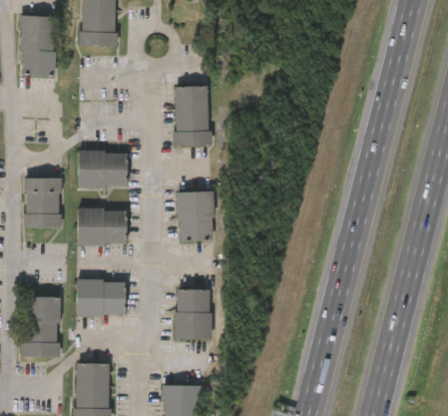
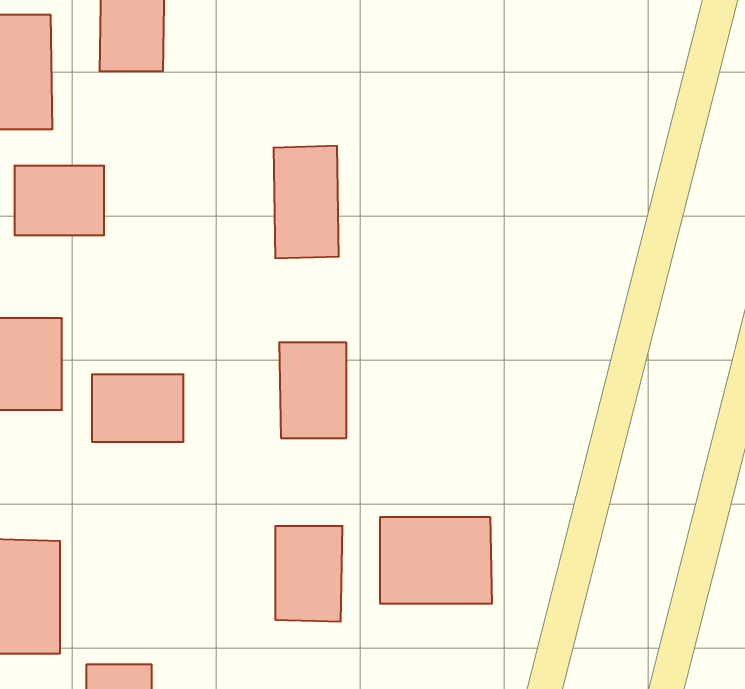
building: [78,151,126,188] -> [14,166,104,235]
building: [77,280,125,317] -> none
building: none -> [380,517,492,604]

